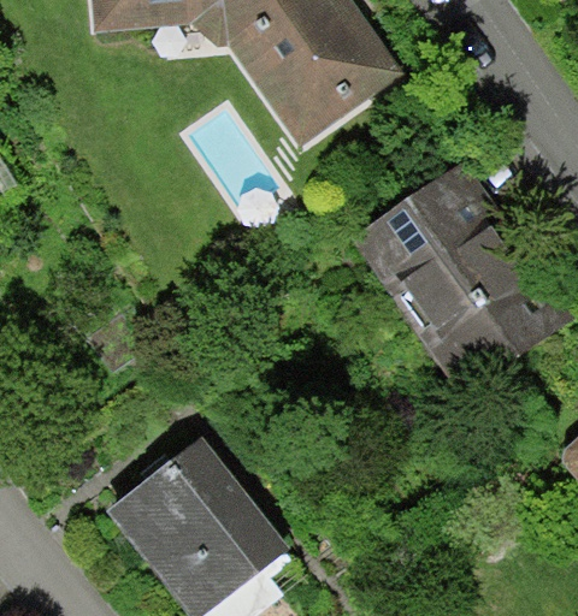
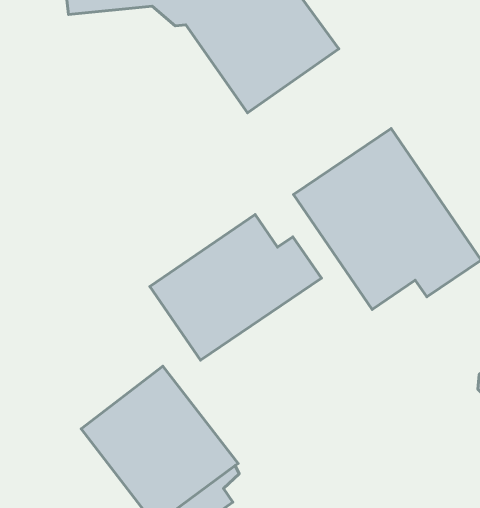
building: none -> [150,215,321,360]

